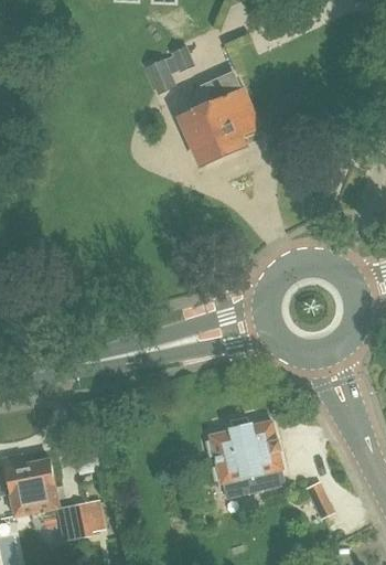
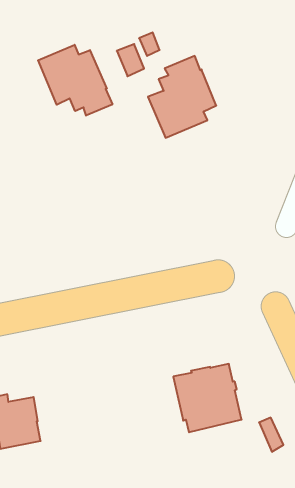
building: none -> [38,45,112,116]
building: [69,500,106,539] -> none

